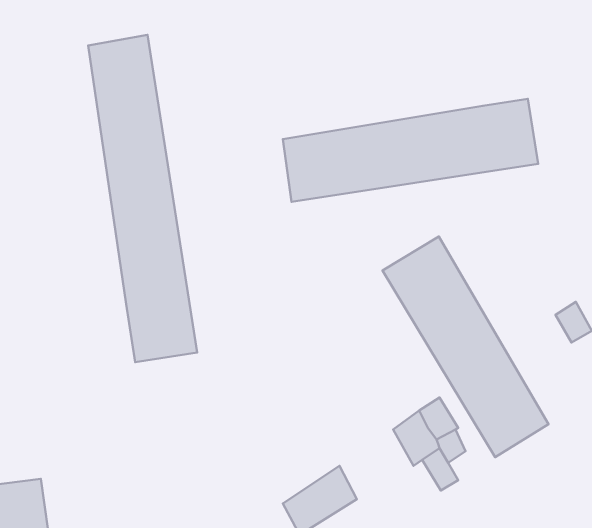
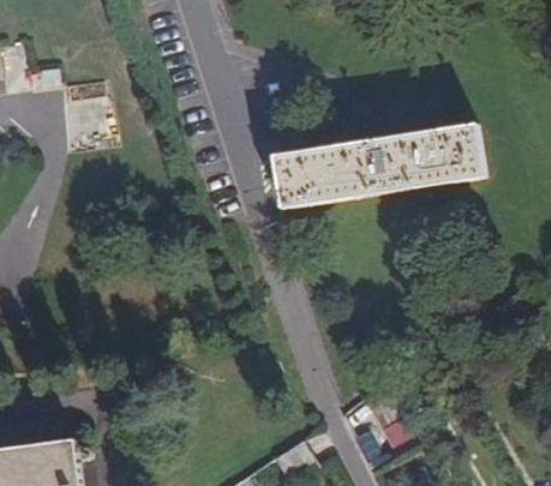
building: [88,35,197,362] -> none
building: [382,237,548,457] -> none

